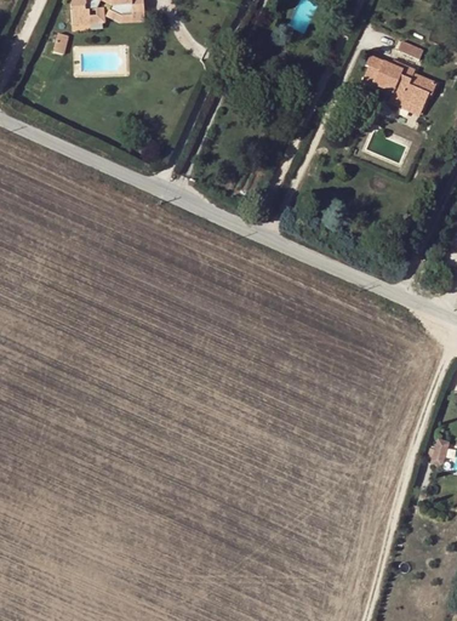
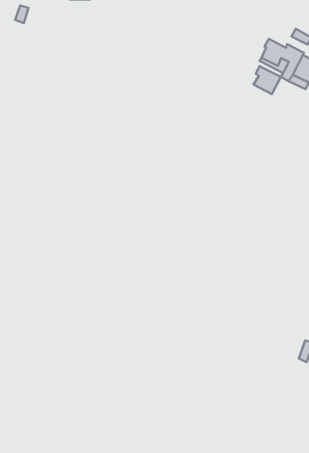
building: none -> [253,66,281,94]

